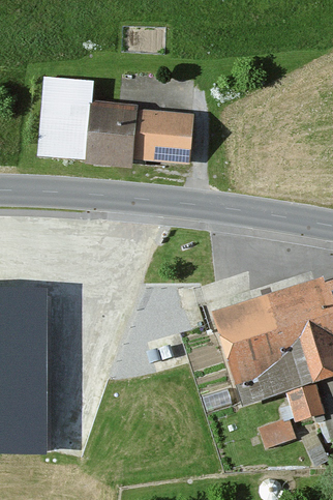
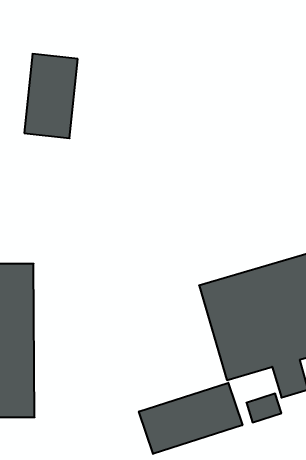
building: [84,100,191,167] -> none
building: none -> [139,383,242,454]

